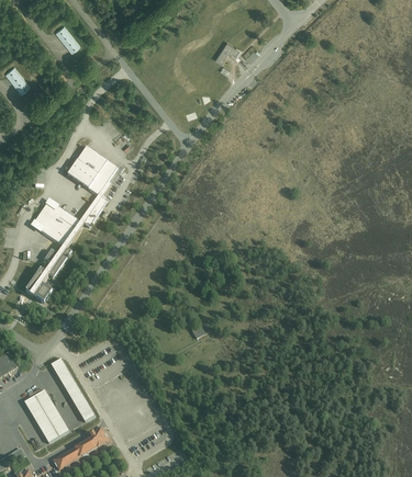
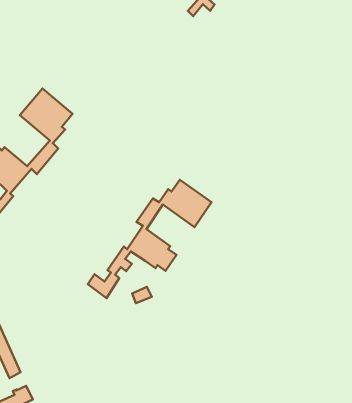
building: none -> [88,180,212,298]

